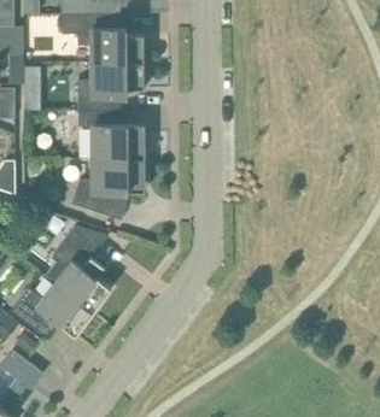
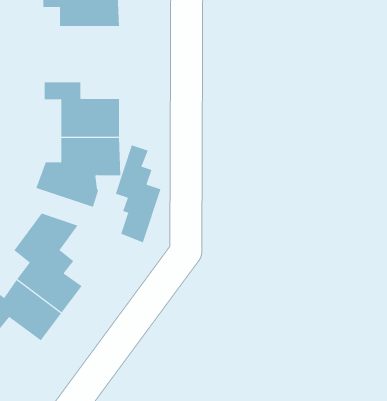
building: [77,61,144,110] -> none
building: none -> [115,145,161,243]

